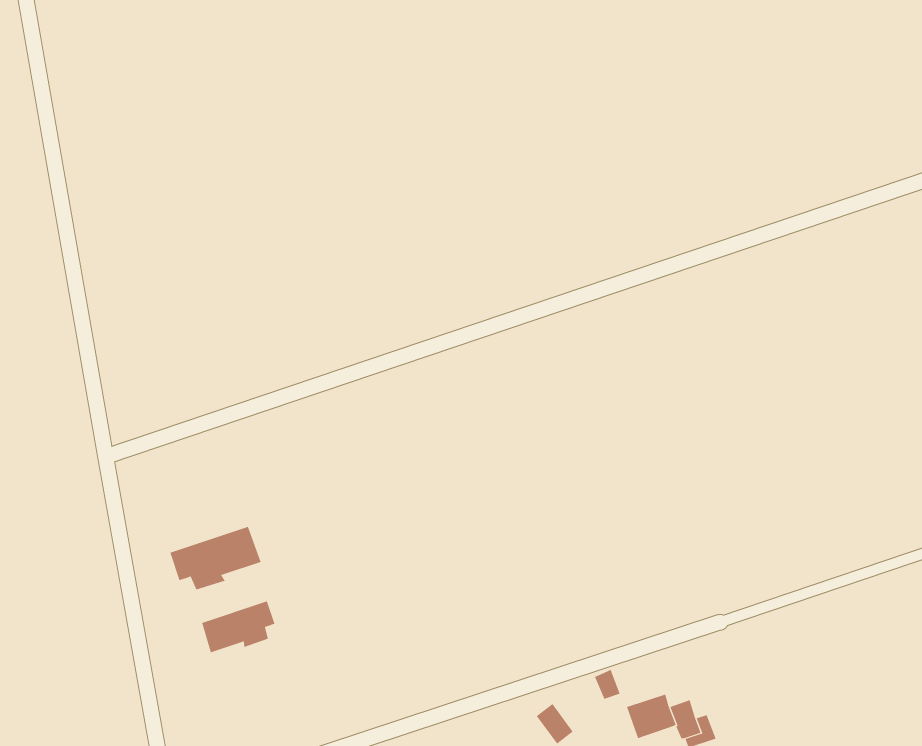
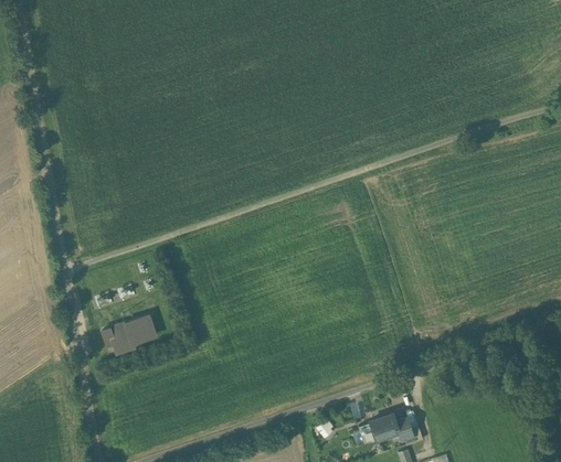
building: [201,600,275,653] -> none

